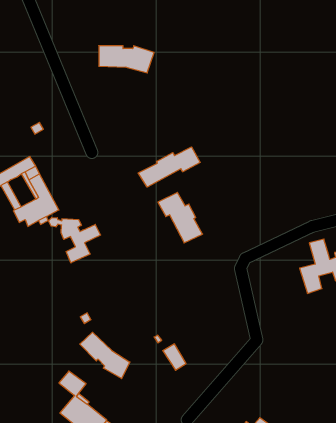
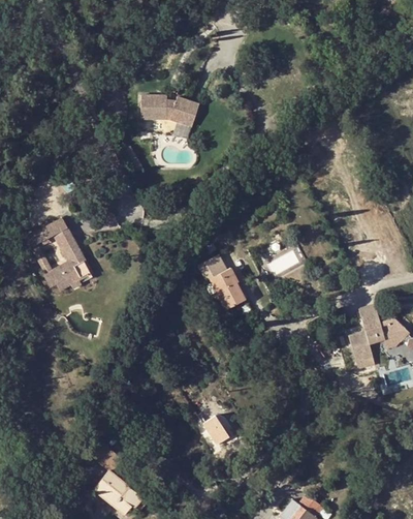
building: [138,147,200,187] -> none
building: [49,217,101,263] -> none
building: [80,332,130,379] -> none

